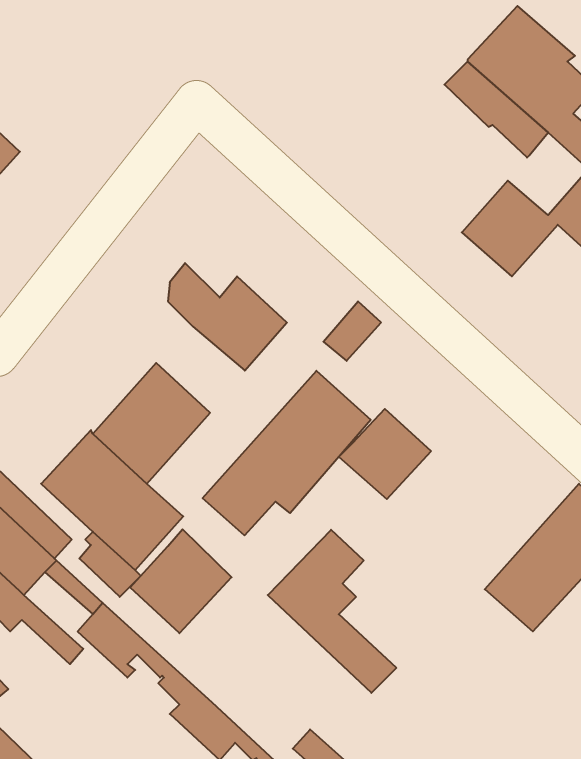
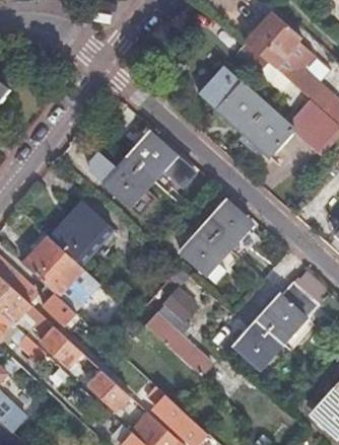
building: none -> [200,66,269,133]
building: none -> [126,132,176,180]
building: none -> [204,201,253,248]
building: [203,371,371,535] -> none
building: [130,529,232,633] -> none
building: none -> [233,321,282,368]

